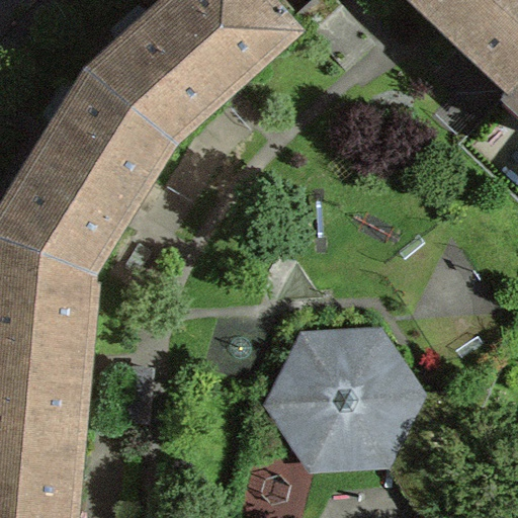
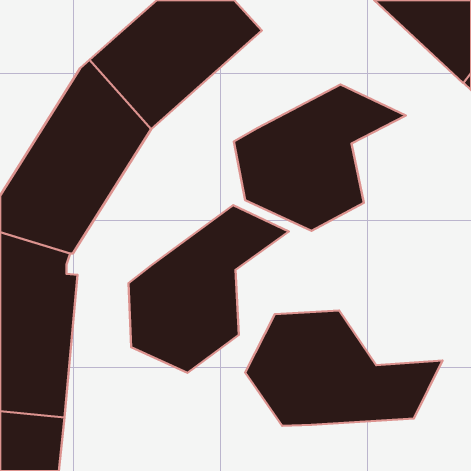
building: none -> [234,85,406,231]
building: none -> [128,205,289,373]

